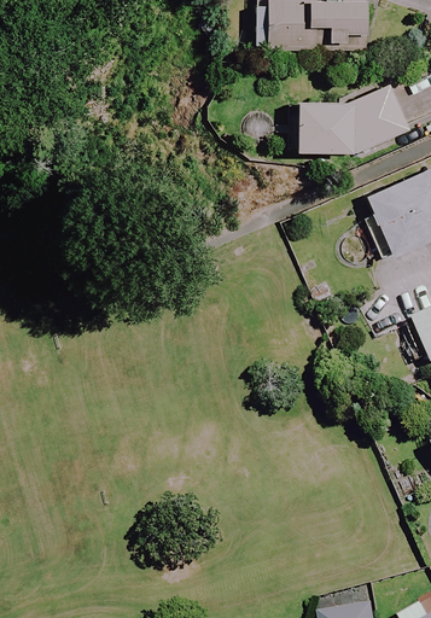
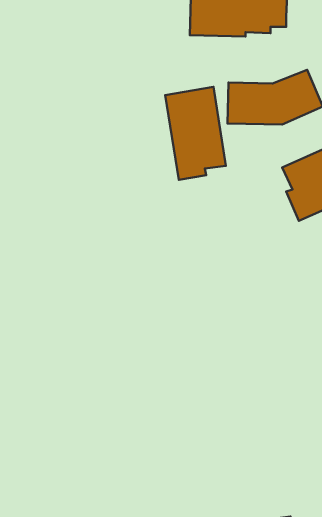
building: none -> [165,87,226,180]

